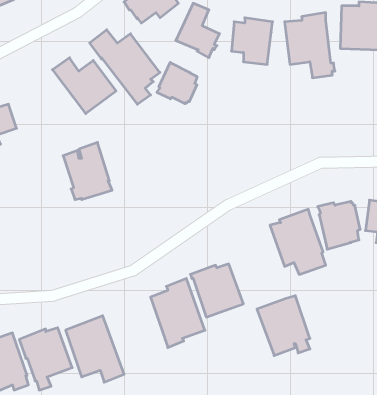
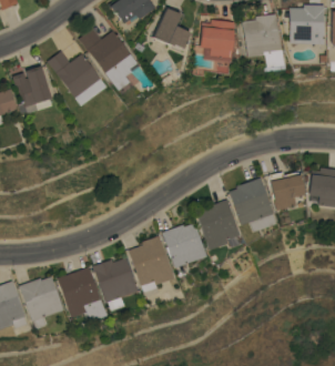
building: [157,62,197,104] -> none
building: [63,142,112,200] -> [13,65,54,113]
building: [257,296,310,356] -> [197,200,242,250]
building: none -> [94,257,140,311]

